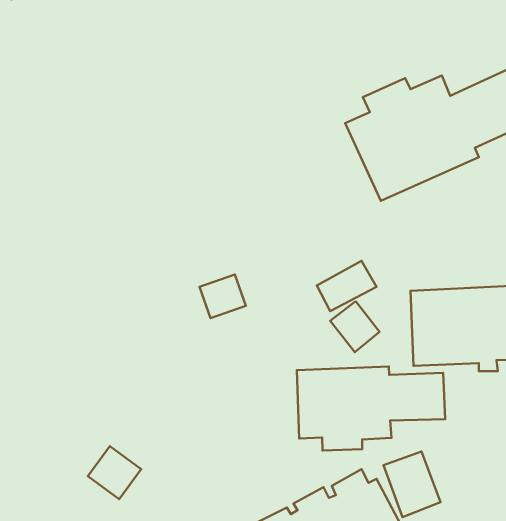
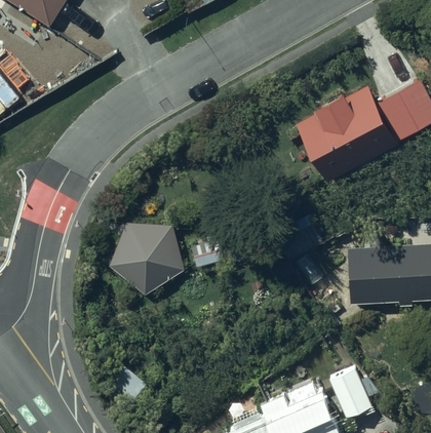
building: none -> [108,223,183,294]
building: [297,366,445,451] -> none

